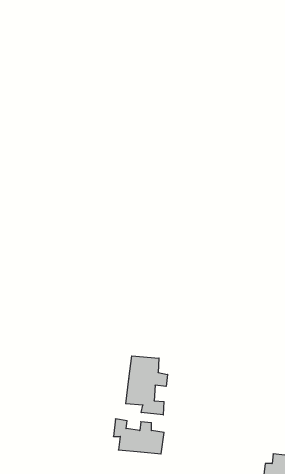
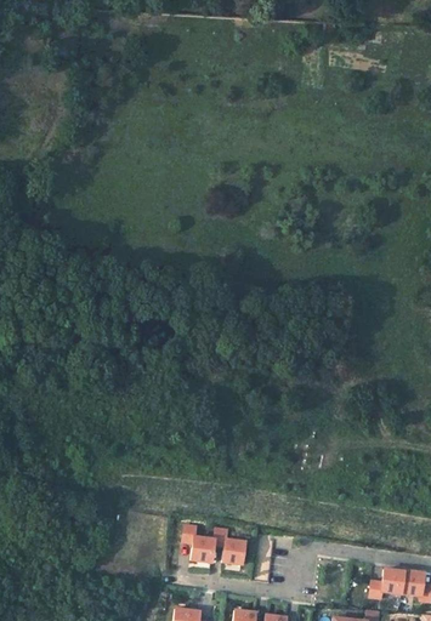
building: [126,356,168,415] -> none

